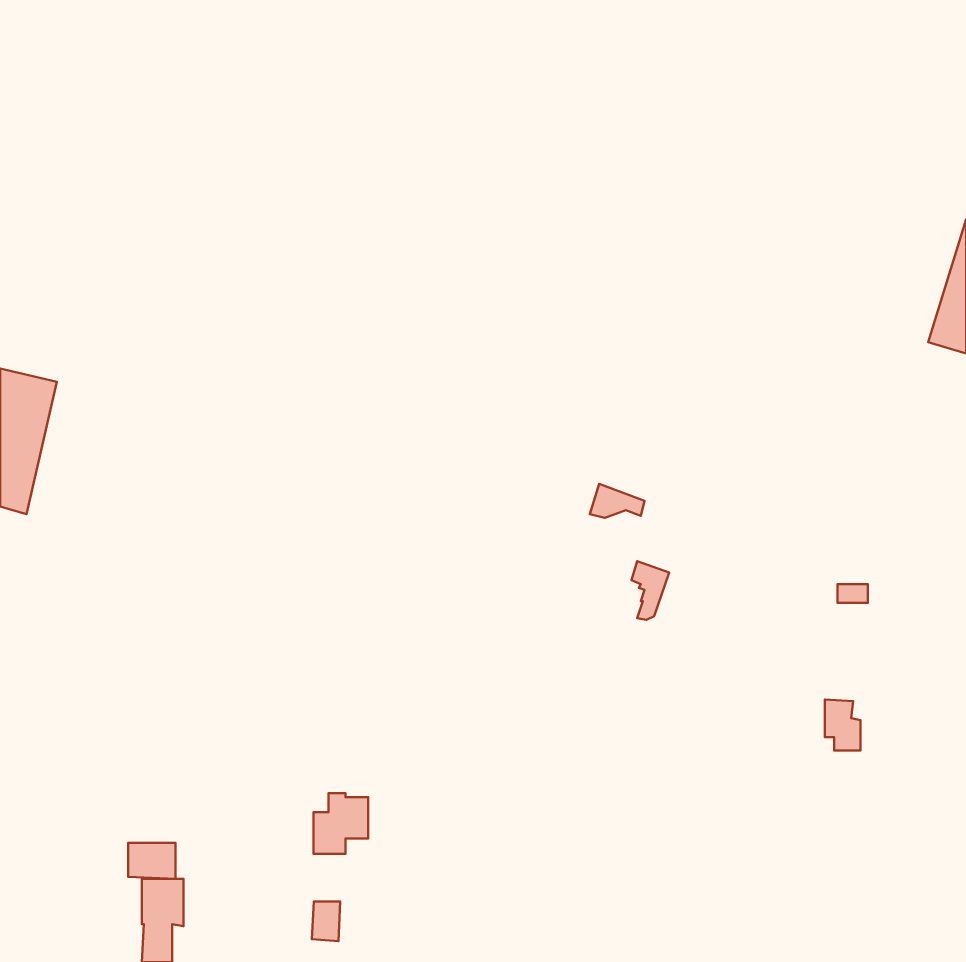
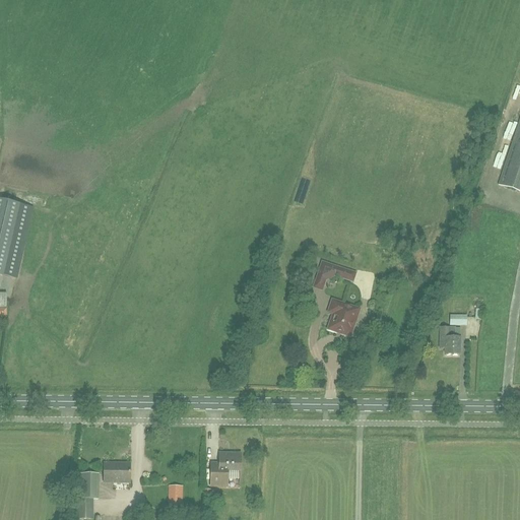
building: none -> [329,299,346,332]
building: [825,699,861,750] -> [440,326,459,353]
building: [313,793,368,854] -> [210,452,240,484]
building: [128,843,175,879] -> [104,462,129,481]

